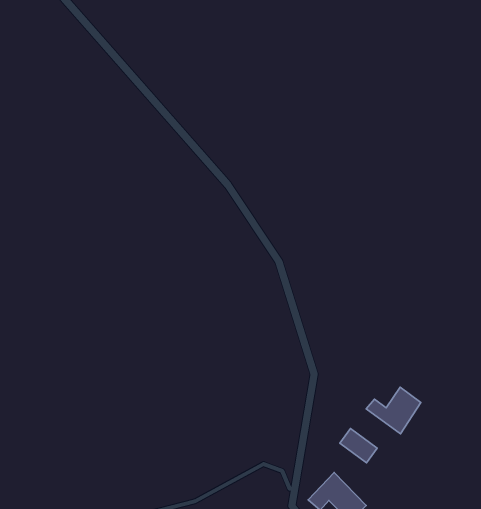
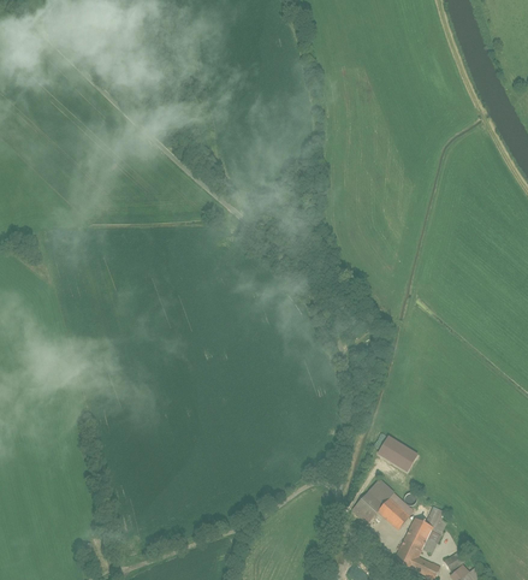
building: [366,387,421,434] -> none

